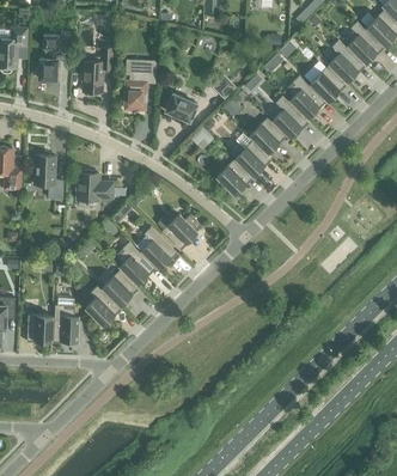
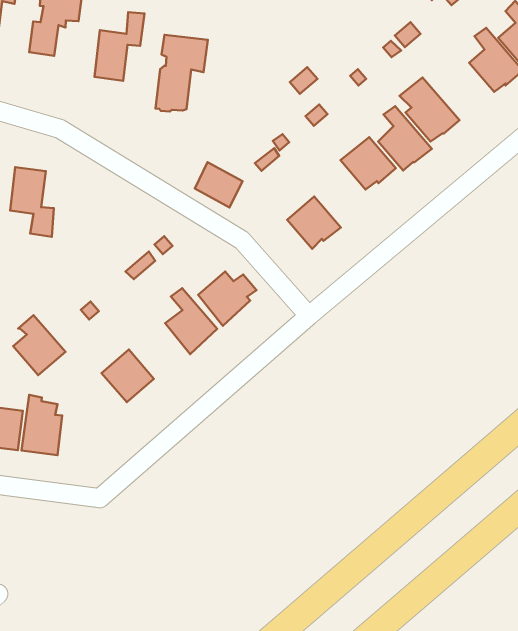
building: [310,67,346,102] -> none
building: [165,93,196,122] -> [195,162,242,207]
building: [230,142,270,177] -> none
building: [75,171,112,201] -> none
building: [116,243,154,285] -> none
building: [85,286,120,325] -> [13,315,65,375]

